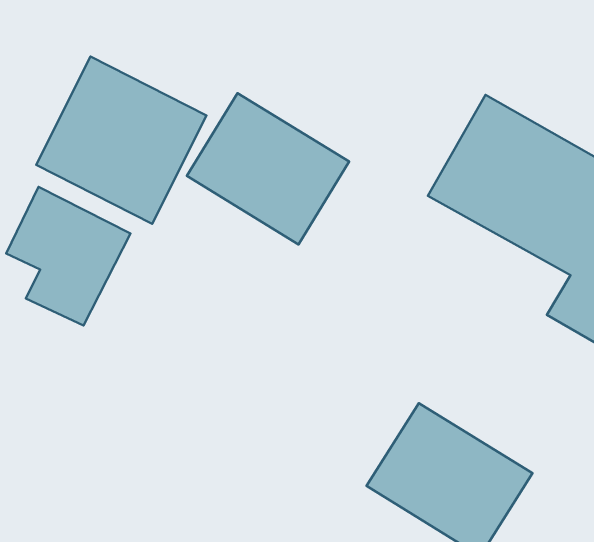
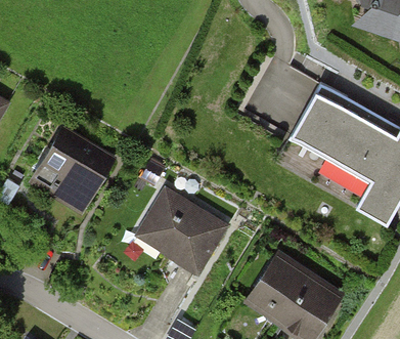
building: [36,57,206,224] -> none
building: [187,93,349,244] -> [136,187,228,273]

